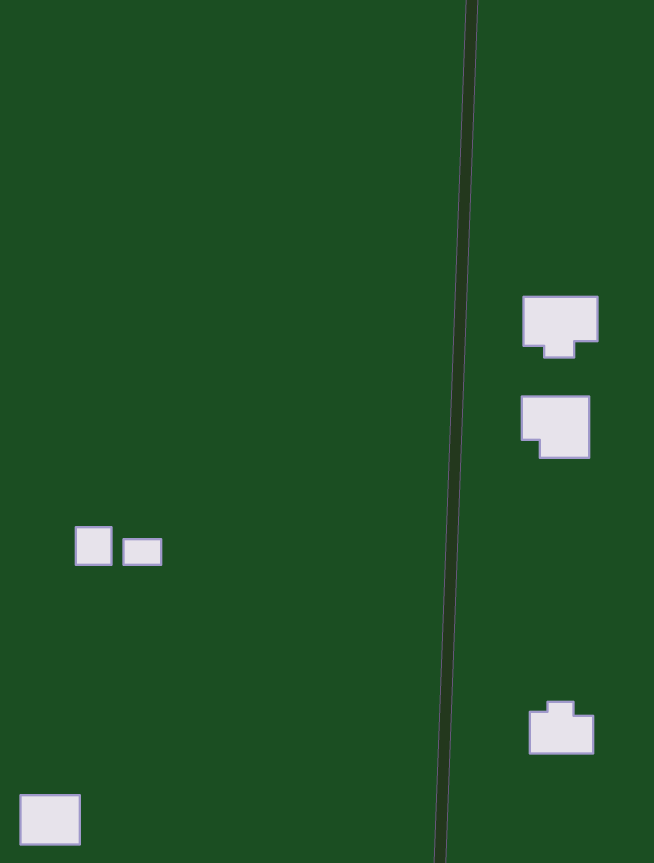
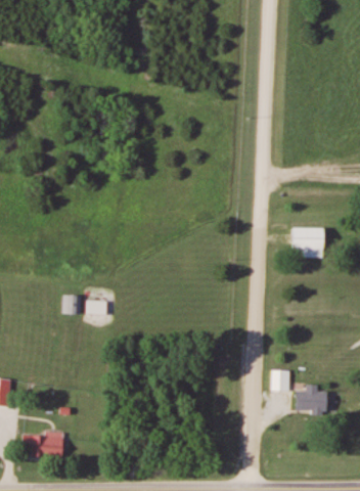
building: [523,297,597,358] -> none
building: none -> [269,370,289,392]

